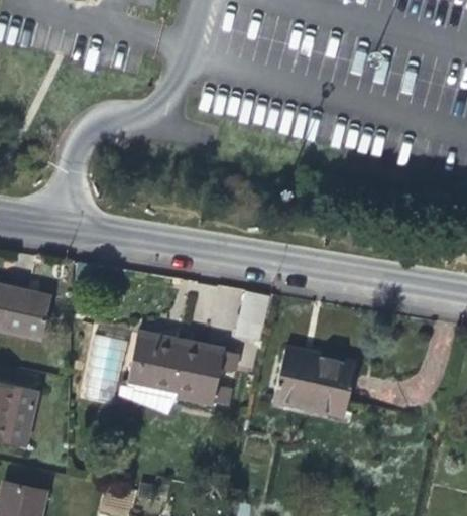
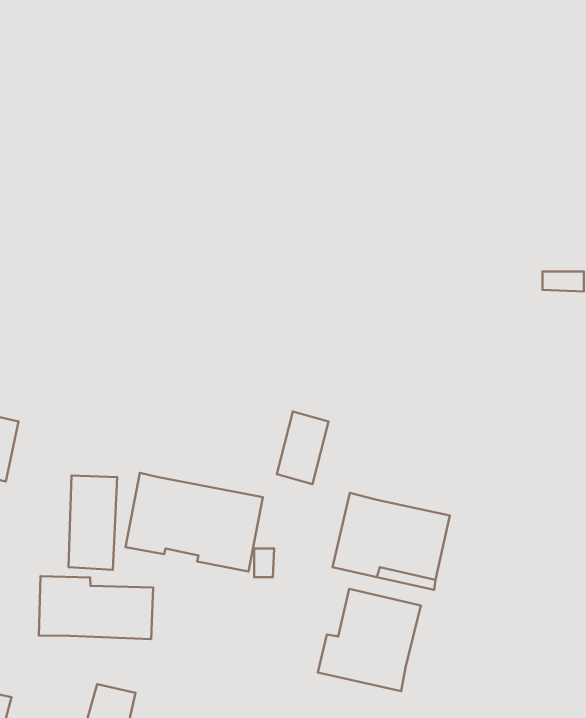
building: none -> [39,576,153,639]
building: none -> [318,589,421,691]

